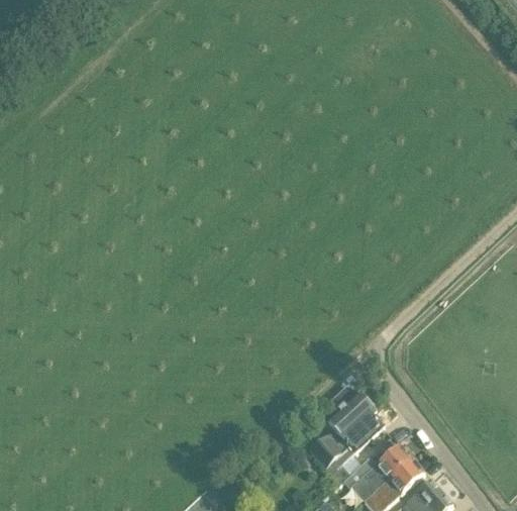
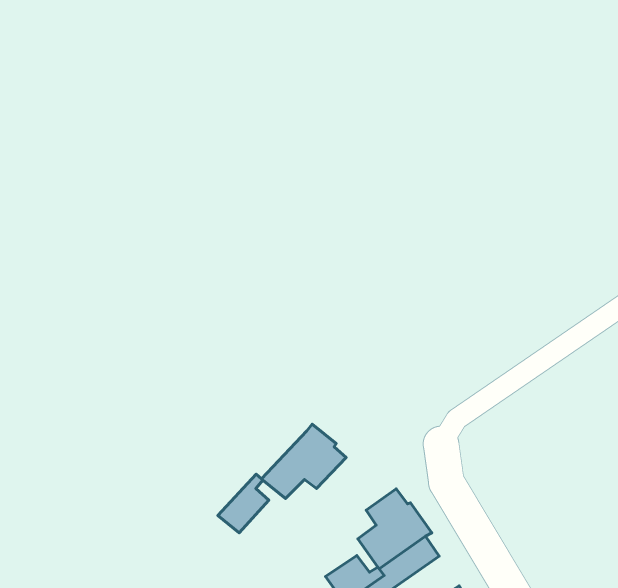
building: none -> [218,424,346,533]

